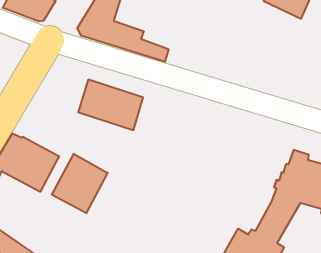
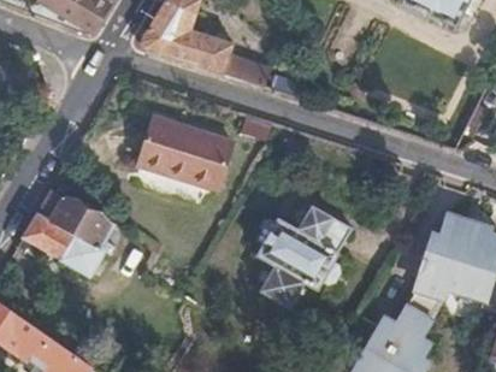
building: none -> [254,205,348,306]
building: [52,154,108,213] -> none

